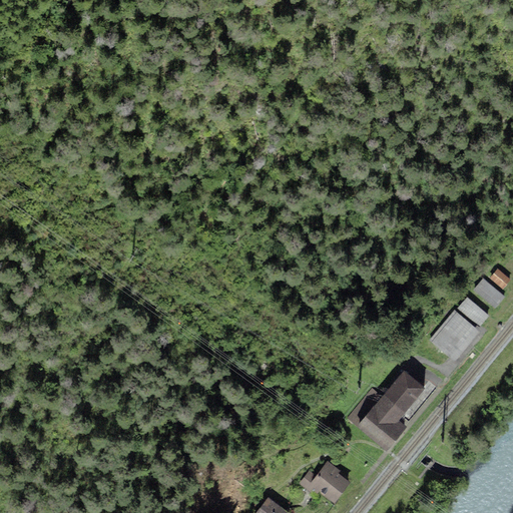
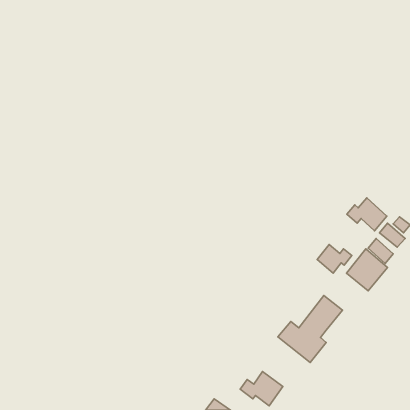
building: none -> [347,198,387,231]
building: none -> [317,244,352,273]

